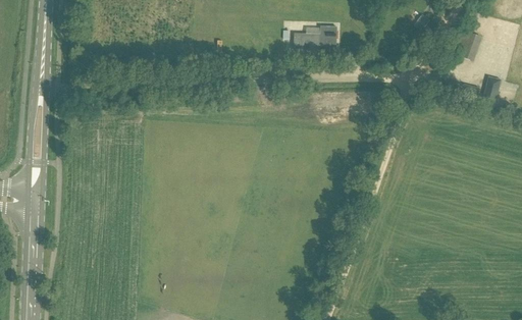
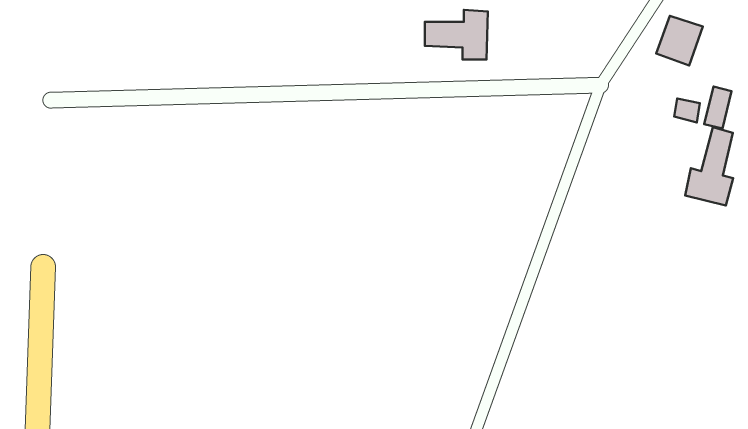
building: none -> [685,127,733,205]

